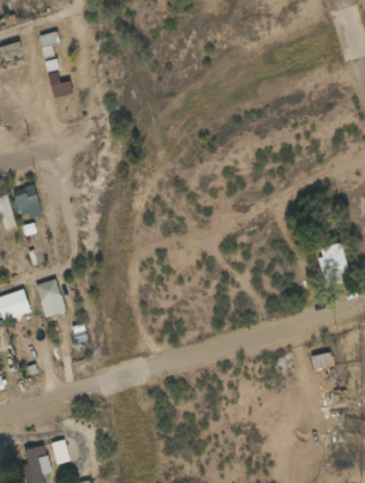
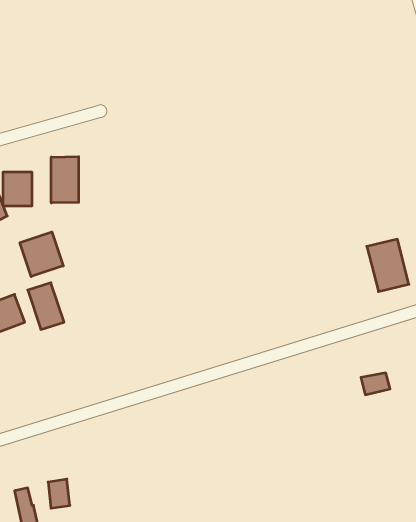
building: none -> [51,157,79,203]
building: none -> [20,232,63,277]

